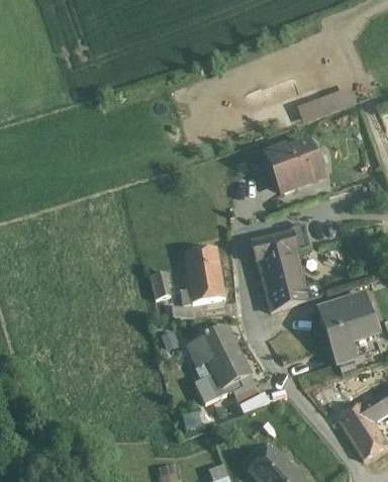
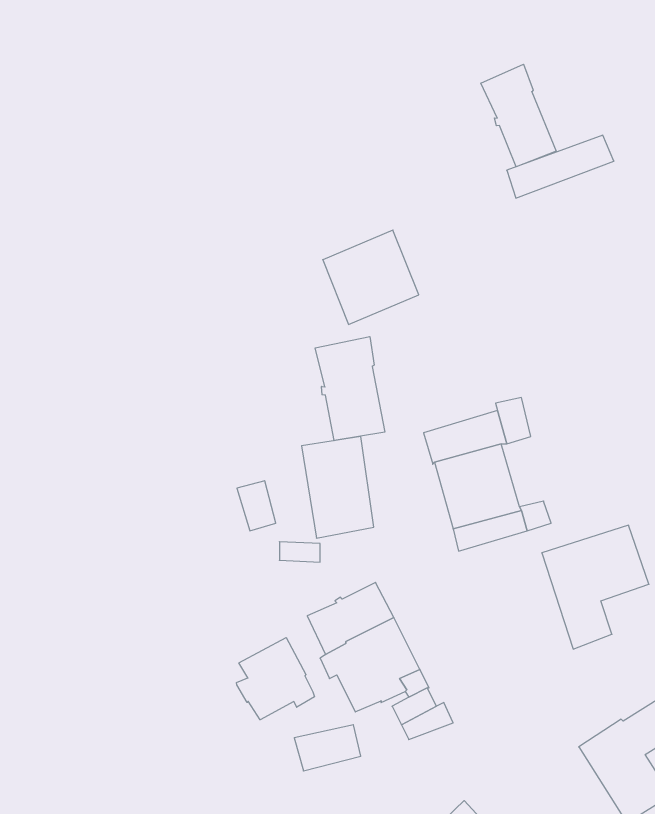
building: none -> [481,64,556,167]
building: [270,140,322,192] -> [323,230,419,324]
building: none -> [315,337,385,441]
building: none -> [237,638,315,720]

